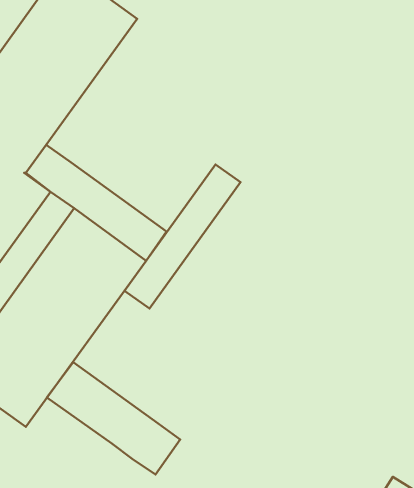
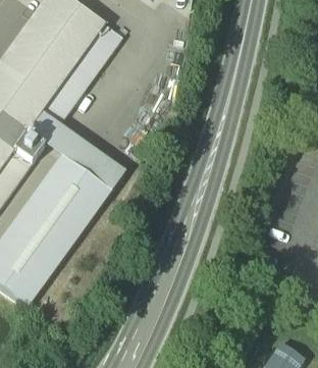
building: [124,165,240,309] -> [41,22,121,122]
building: [47,362,180,474] -> none

